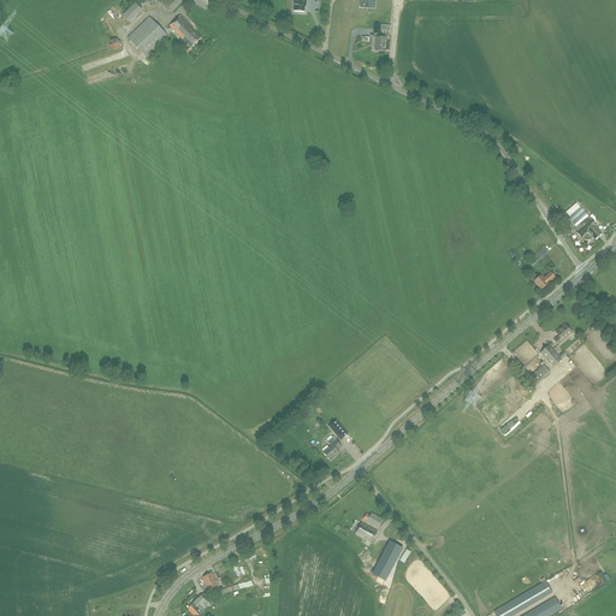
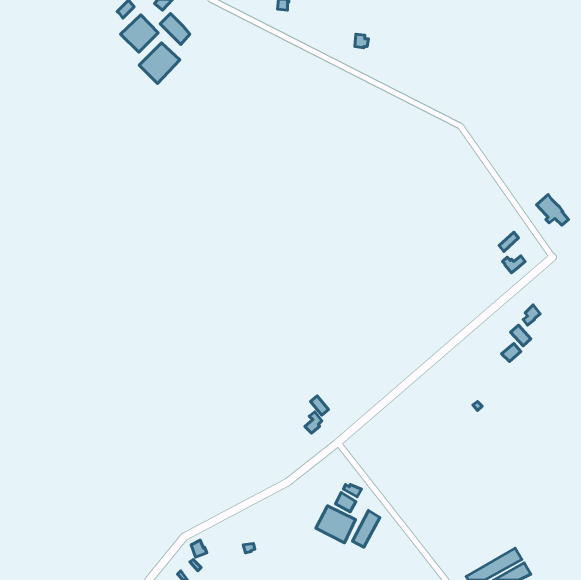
building: none -> [139,43,180,83]
building: none -> [316,506,355,543]

